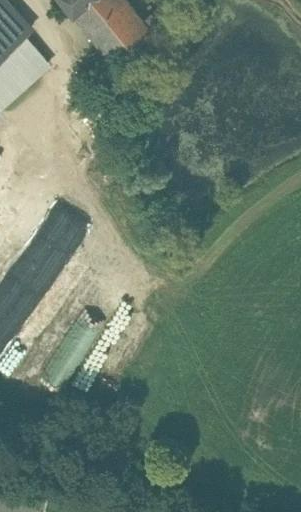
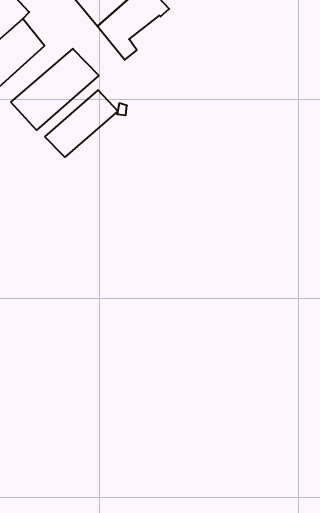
building: none -> [11,49,99,130]
building: none -> [45,90,118,157]

